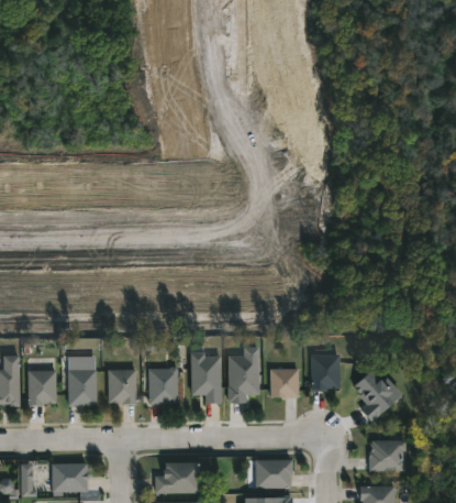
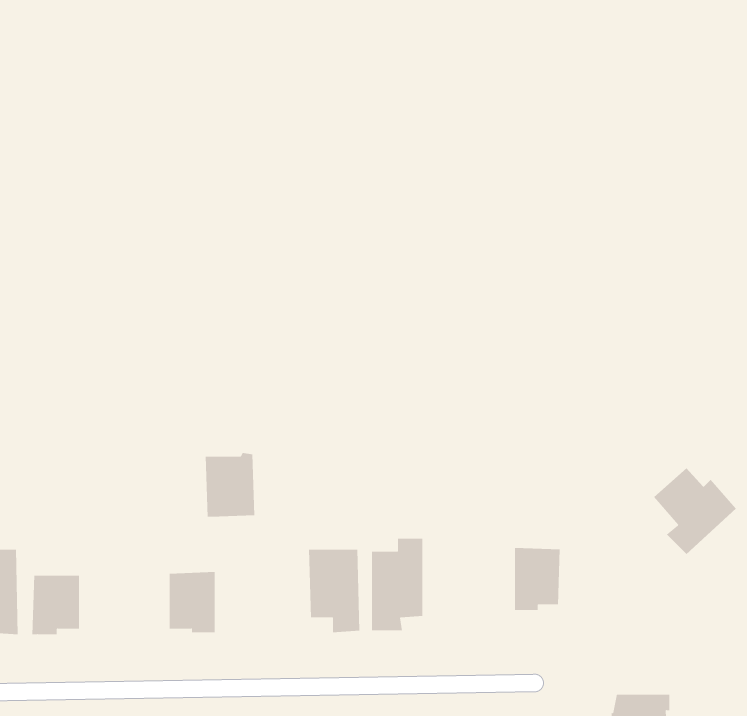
building: [148,365,178,404] -> [205,452,255,517]
building: [67,369,96,404] -> none
building: [270,369,298,396] -> none
building: [352,370,401,422] -> [653,468,737,555]

